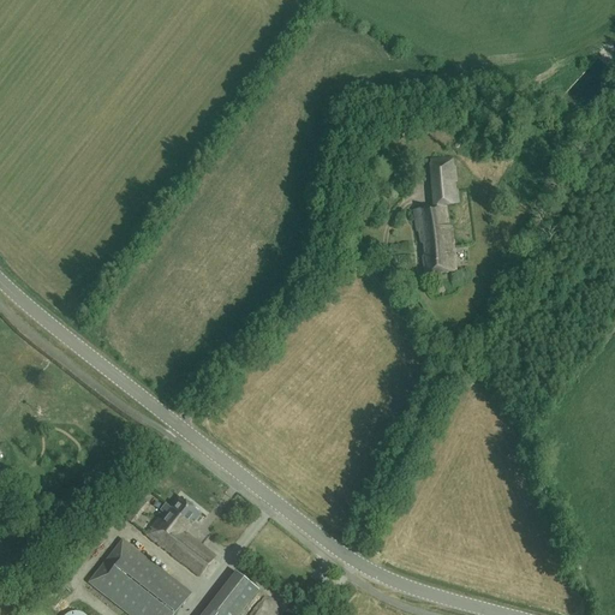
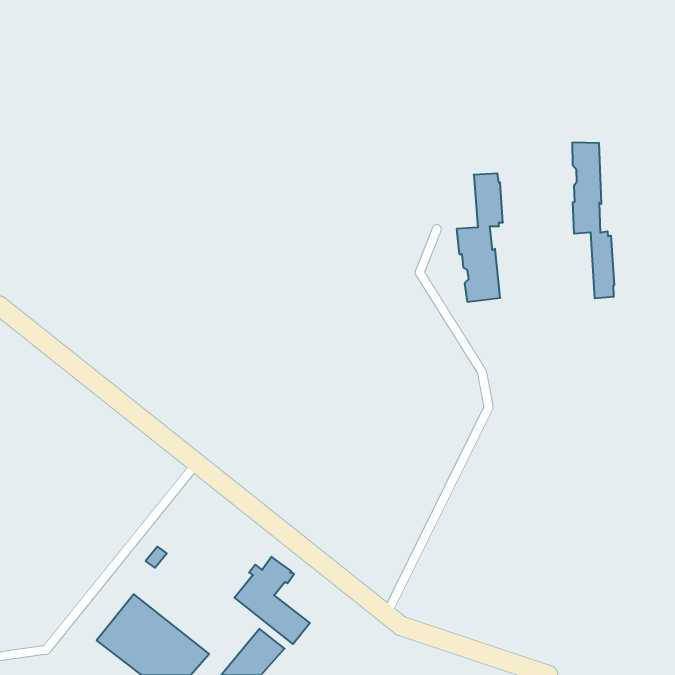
building: none -> [573,142,614,298]
building: [145,496,214,575] -> [234,557,310,644]

